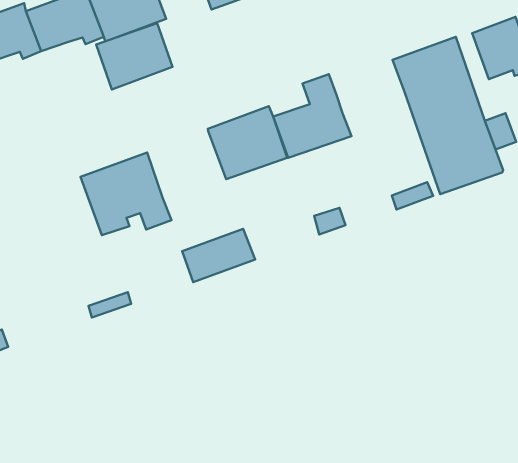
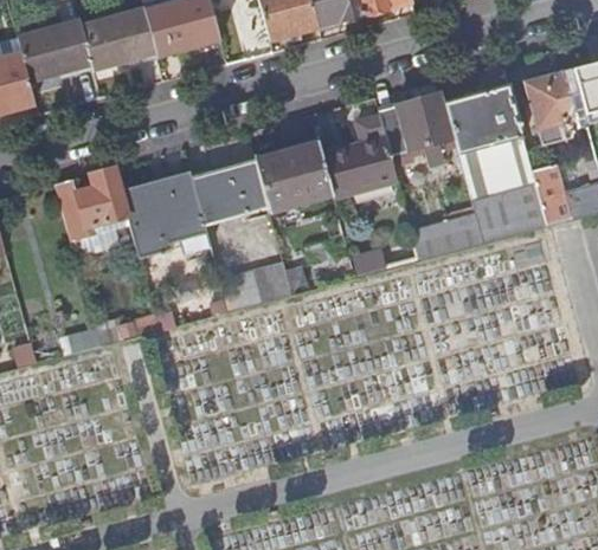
building: [96,23,172,89] -> [192,161,266,224]
building: none -> [379,92,455,154]
building: none -> [56,166,128,231]

